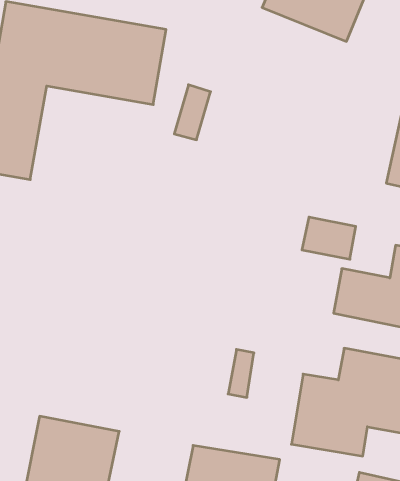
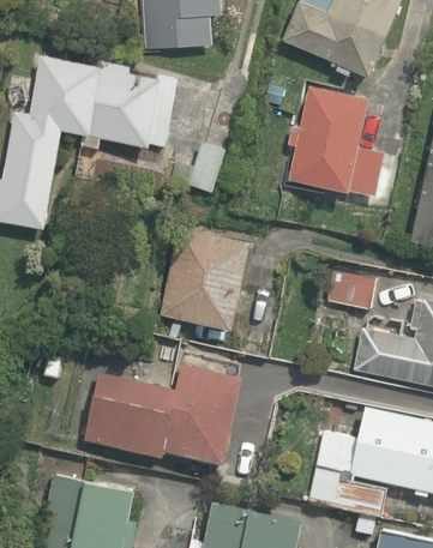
building: none -> [284,85,386,200]
building: none -> [152,223,247,329]
building: none -> [86,357,241,469]

